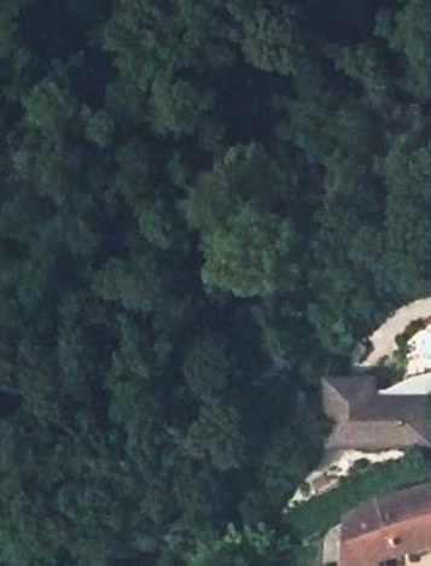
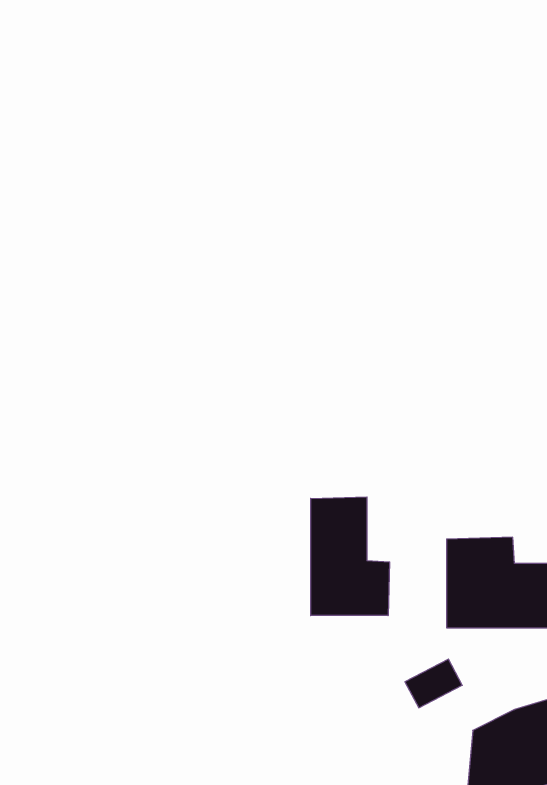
building: none -> [311,497,390,616]

